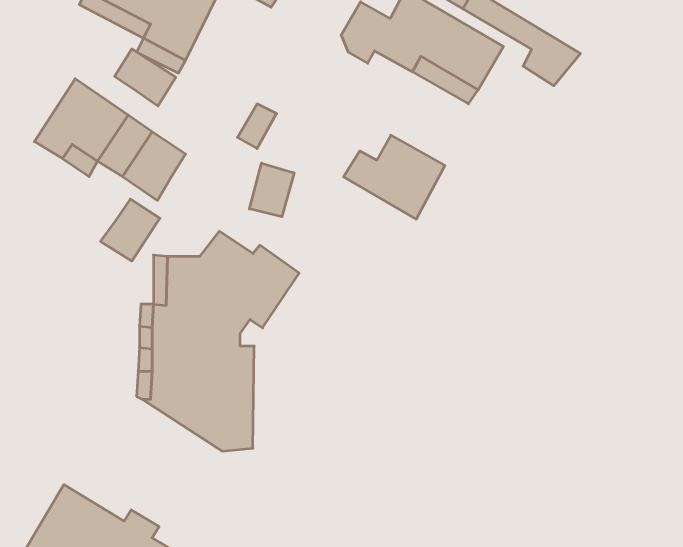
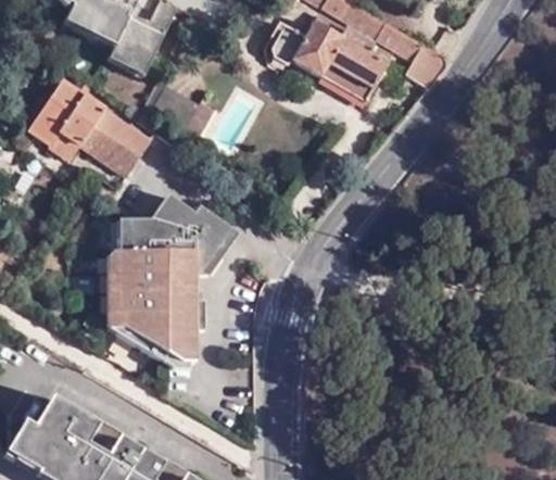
building: [115,49,176,106] -> none
building: [344,135,445,219] -> none
building: [249,163,294,217] -> none
building: [101,199,160,261] -> none

